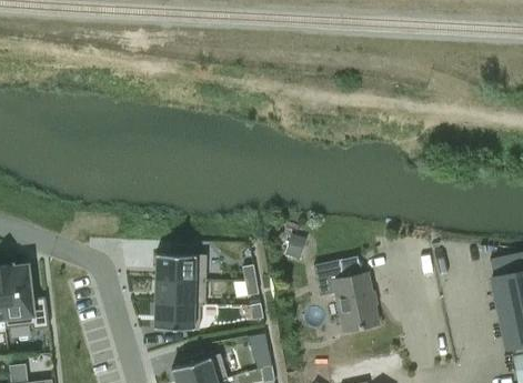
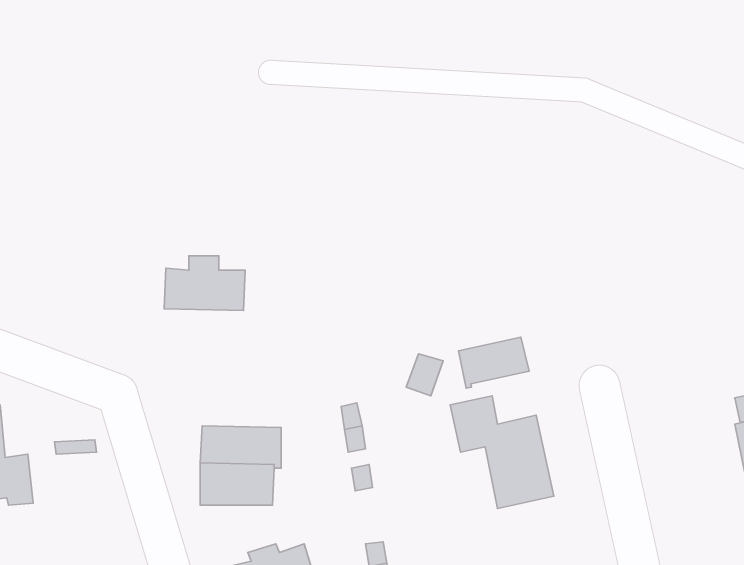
building: none -> [459,337,529,388]
building: [155,245,207,280] -> [164,256,245,311]

